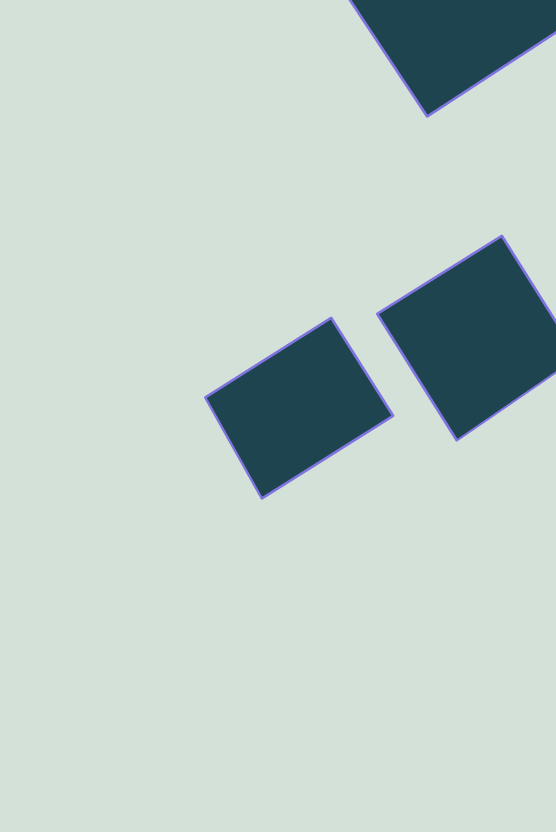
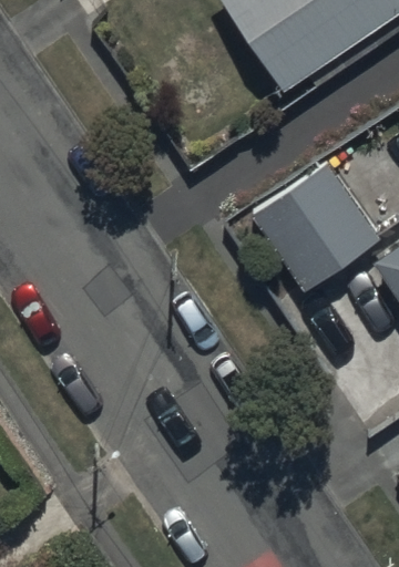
building: [205,318,393,499] -> none

